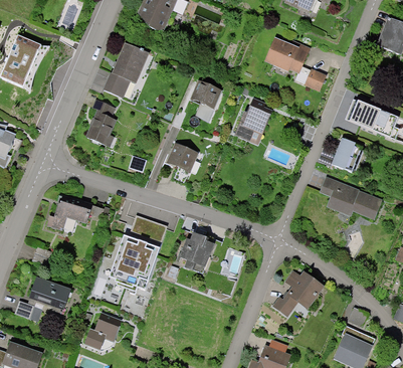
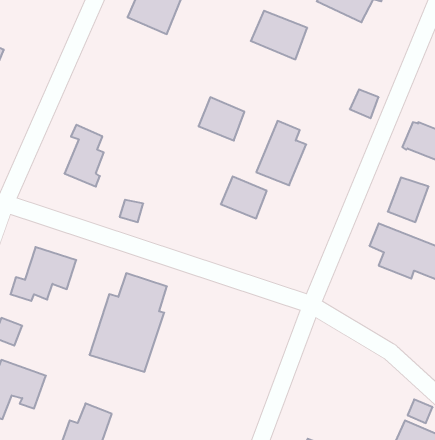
building: [265,39,309,76] -> [251,11,307,59]
building: [107,44,150,101] -> none
building: [164,143,199,175] -> [221,176,267,218]
building: [179,233,216,277] -> none
building: [271,269,325,317] -> none

